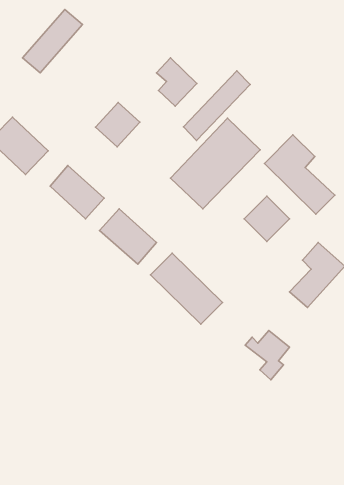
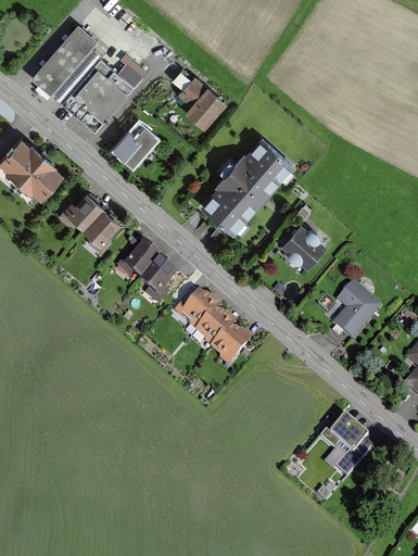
building: none -> [62,52,148,128]
building: [183,71,250,140] -> none
building: [264,135,335,214] -> none
building: [245,330,289,380] -> [321,424,370,478]

